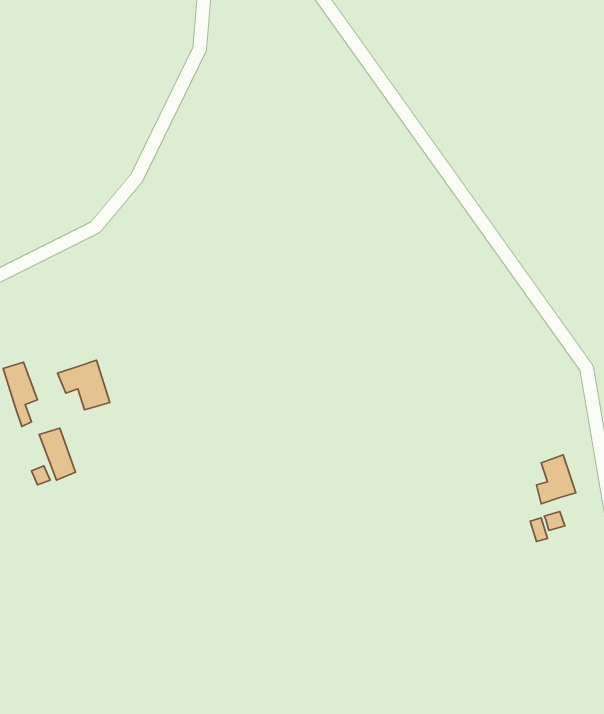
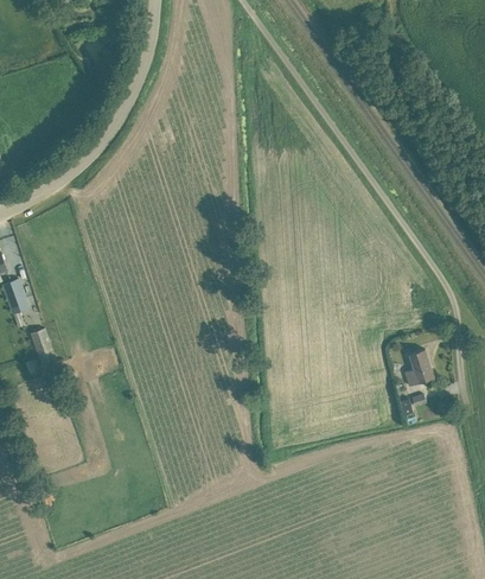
building: [58,360,110,410] -> none

